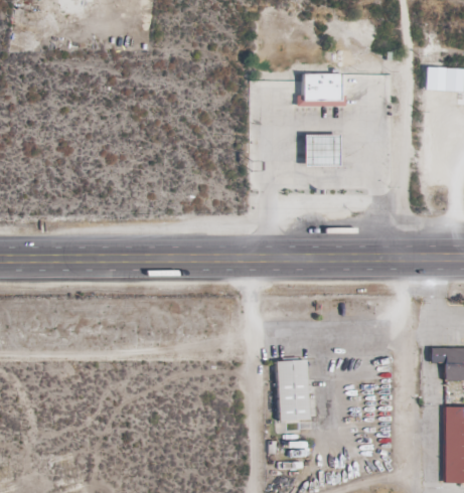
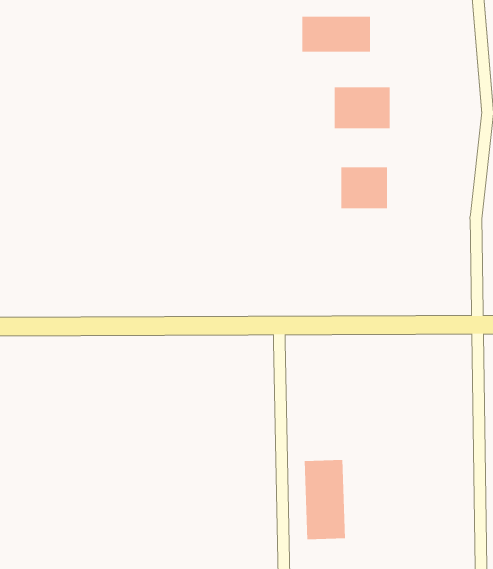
building: none -> [302,16,370,53]

